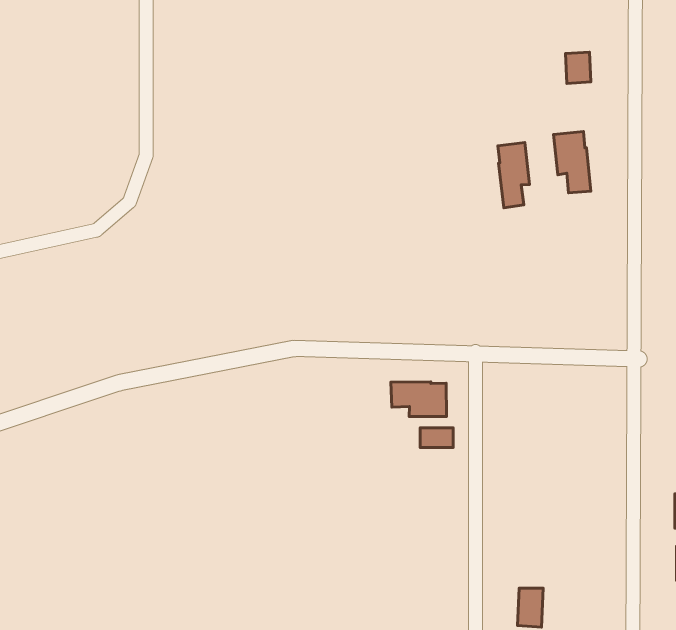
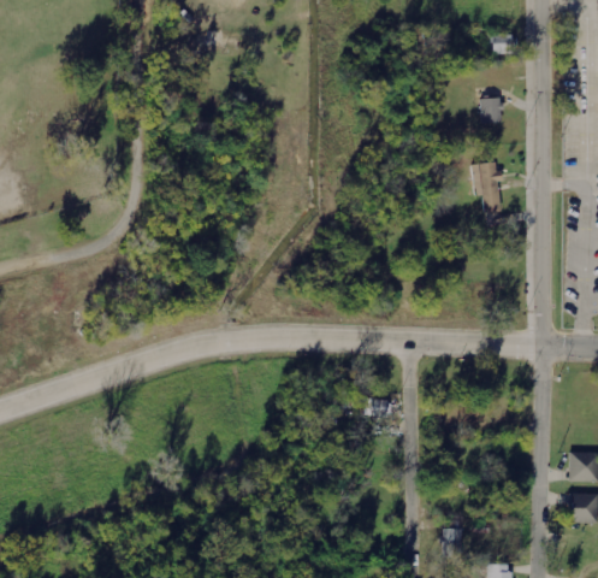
building: [498,143,529,208] -> none
building: [391,382,446,416] -> none

